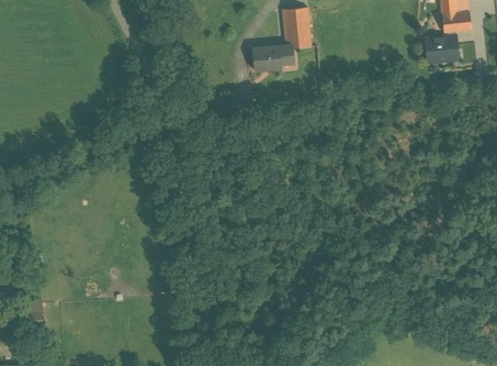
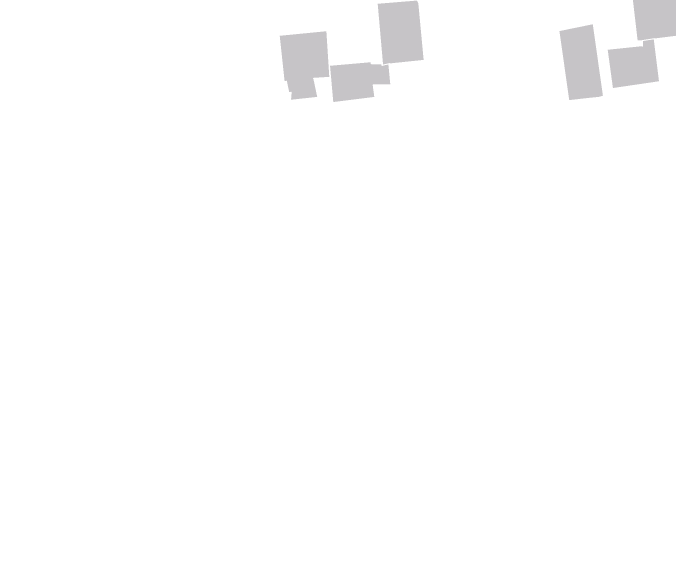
building: none -> [559,23,603,101]
building: none -> [279,31,330,101]

